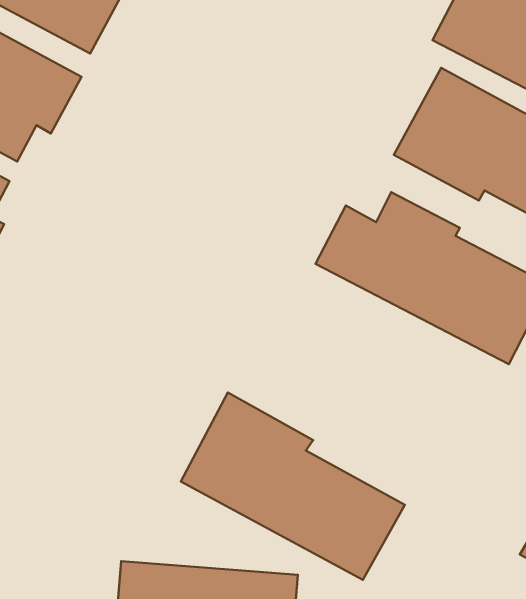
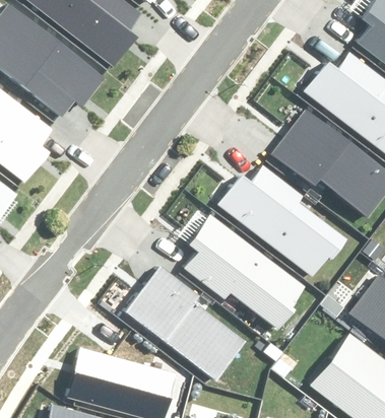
building: none -> [185,214,305,331]

